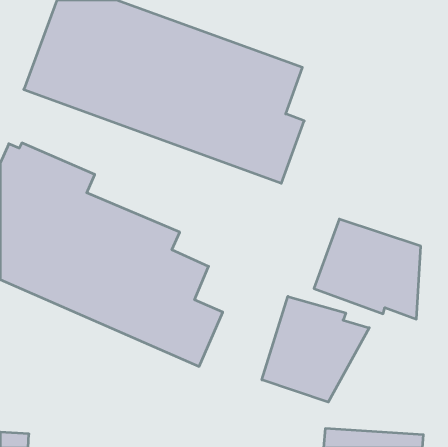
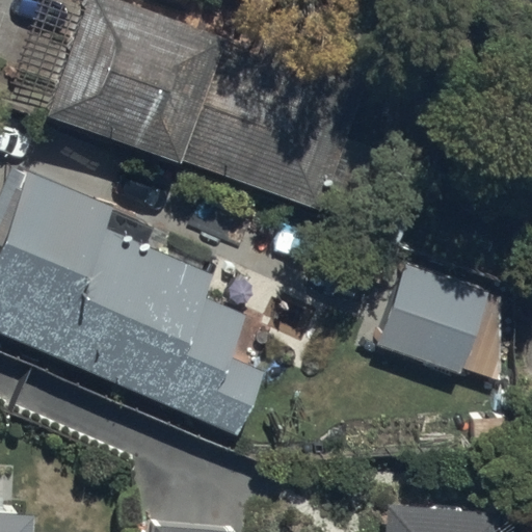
building: [262,296,369,402] -> none

